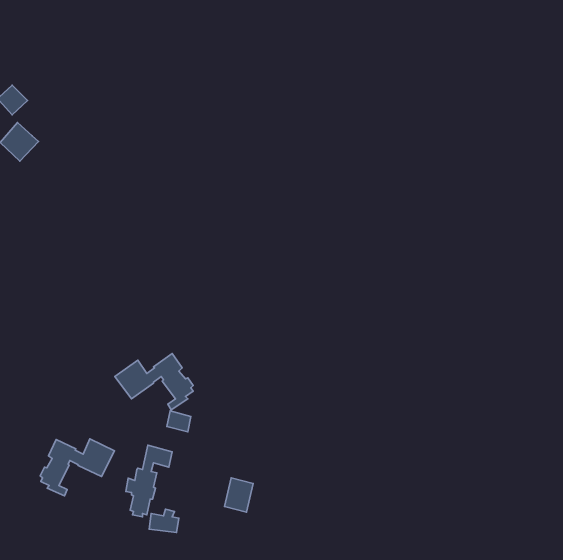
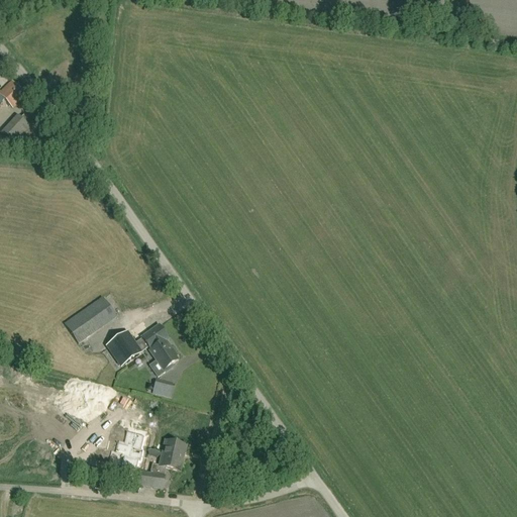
building: none -> [64,295,115,342]
building: [40,439,114,496] -> none
building: [225,478,253,512] -> [159,438,185,470]

